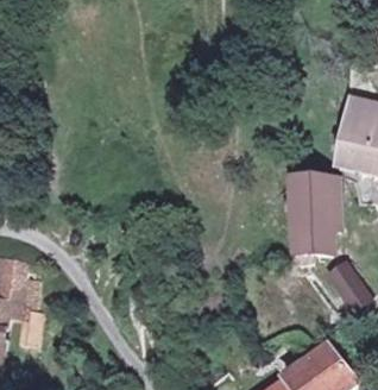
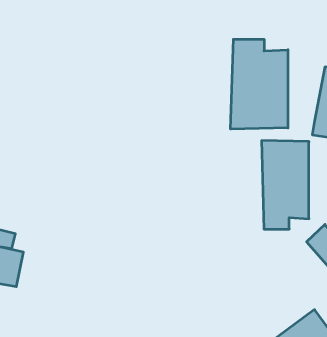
building: none -> [231,39,288,129]

